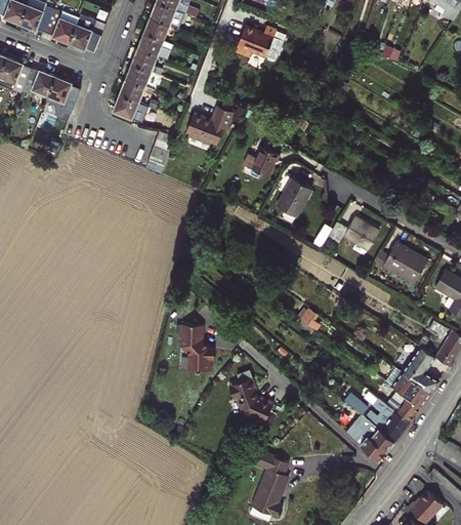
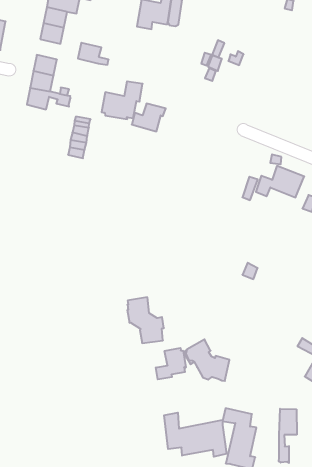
building: [131,47,162,74] -> [78,43,109,65]
building: [243,147,280,176] -> [132,104,166,131]
building: [276,178,311,217] -> none
building: none -> [156,348,186,379]
building: none -> [164,413,227,457]
building: none -> [279,409,297,463]

